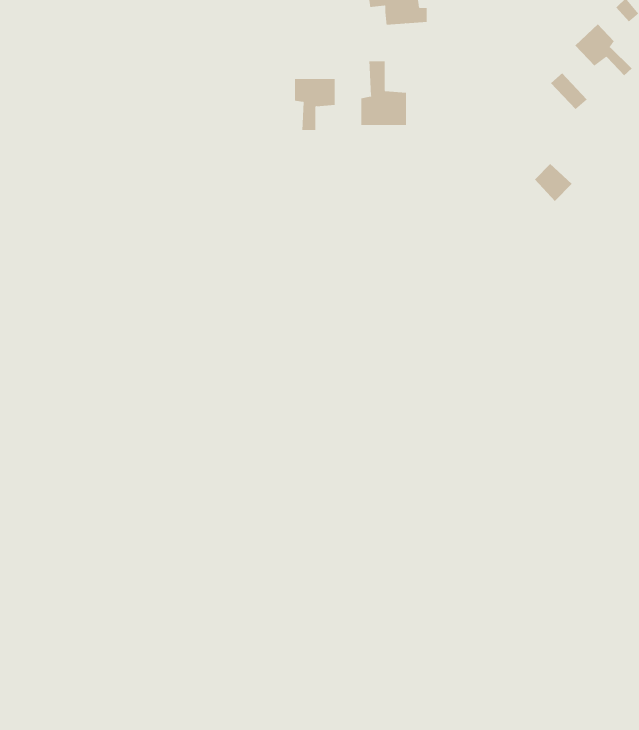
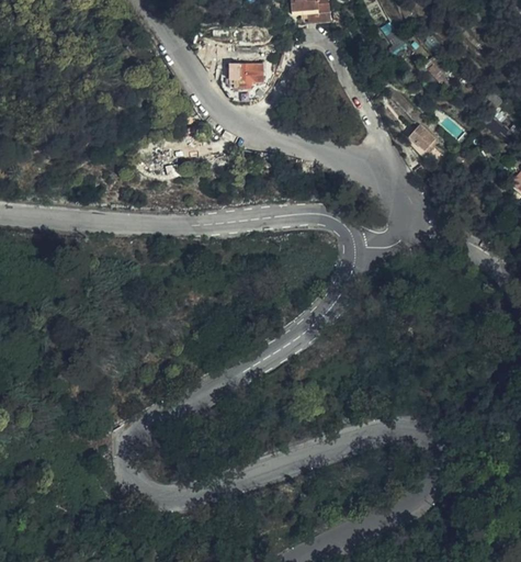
building: [575,23,632,76] -> none
building: [361,61,407,126] -> none

